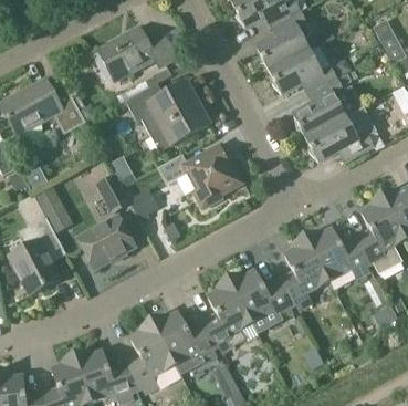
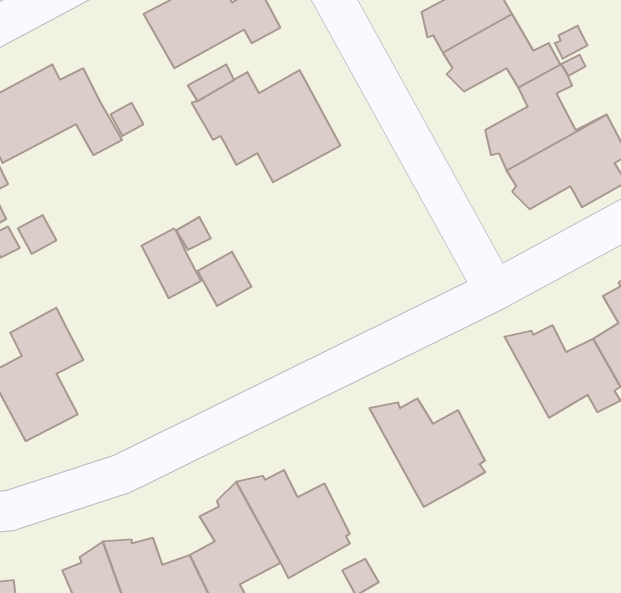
building: [158,147,238,207] -> none
building: [34,183,73,230] -> none
building: [77,215,135,268] -> none
building: [278,233,329,309] -> none
building: [201,274,252,350] -> none

